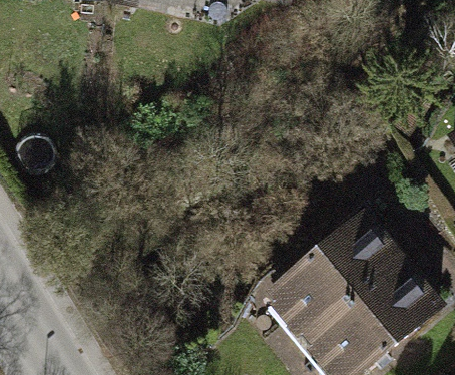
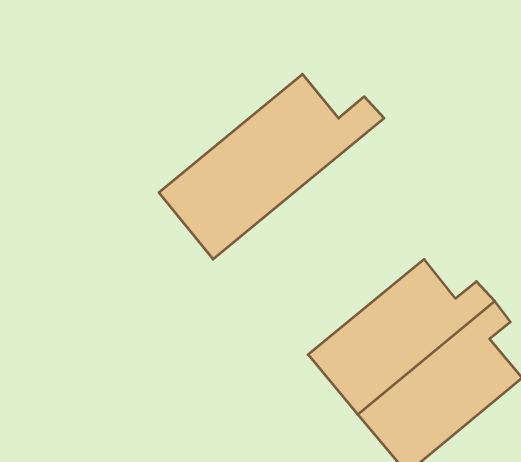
building: none -> [159,74,384,259]

